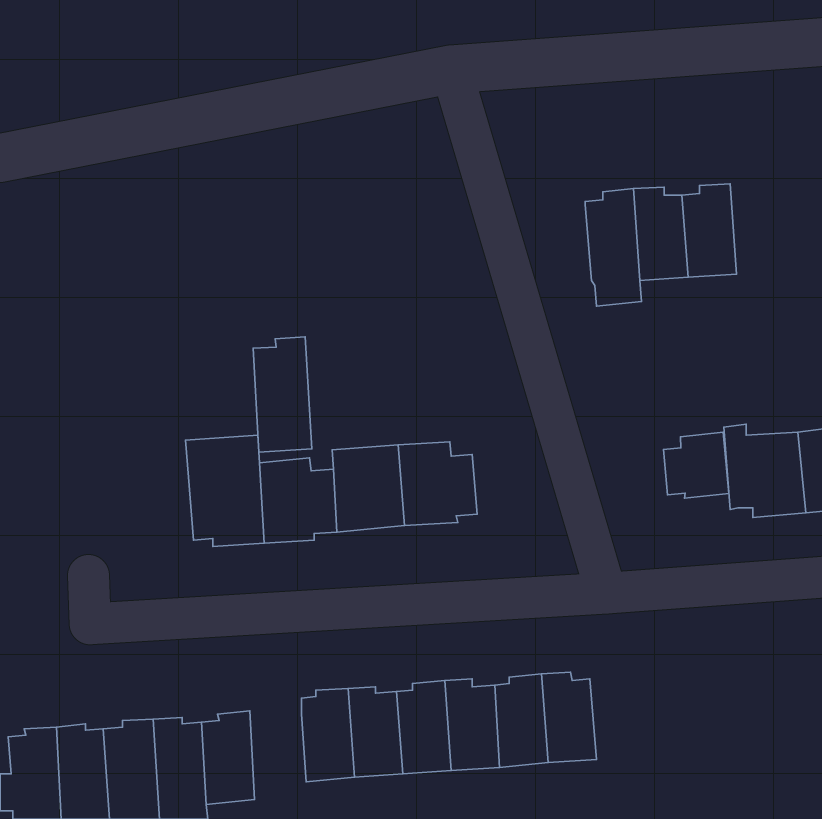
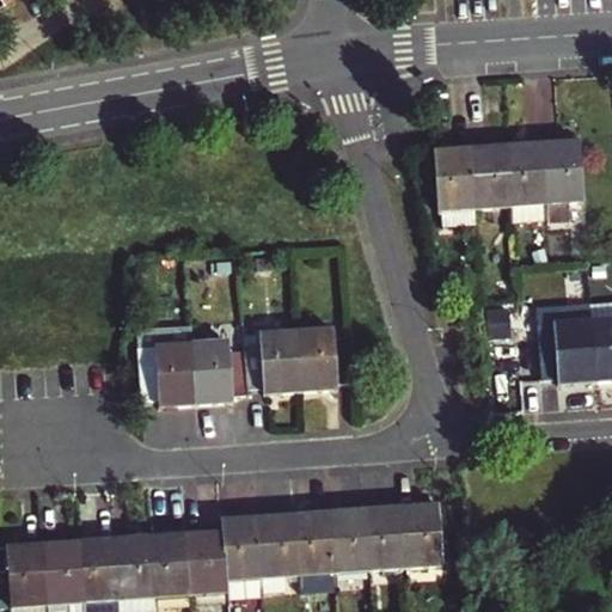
building: none -> [543,135,585,203]
building: [253,337,312,452] -> none
building: [663,432,729,498] -> none
building: none -> [186,526,230,593]

